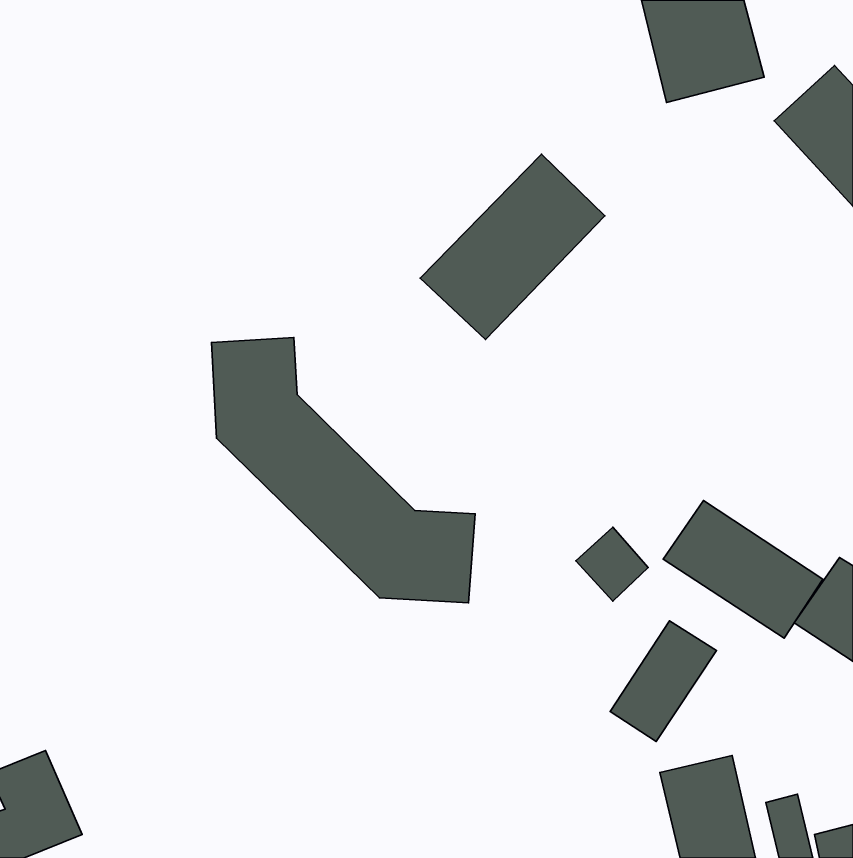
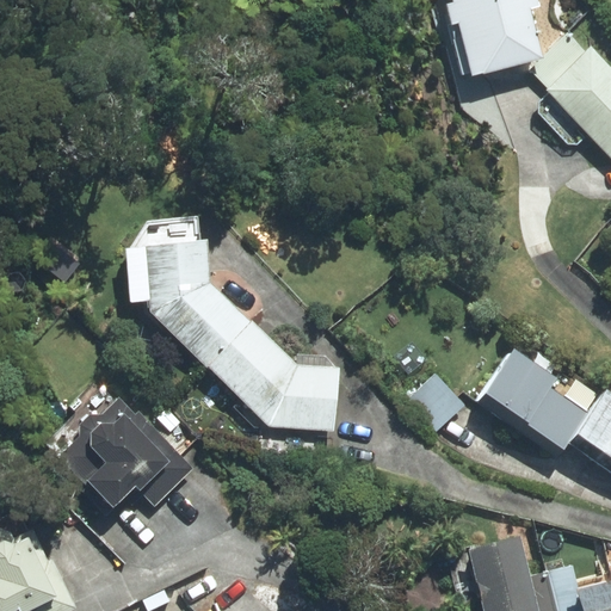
building: [420,154,605,340] -> none
building: none -> [58,400,187,512]
building: [610,621,717,742] -> none

